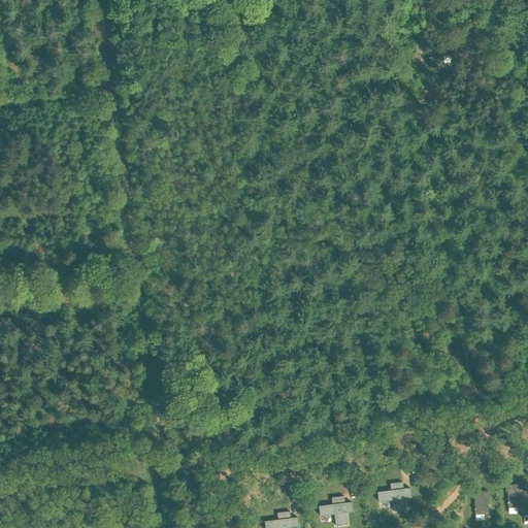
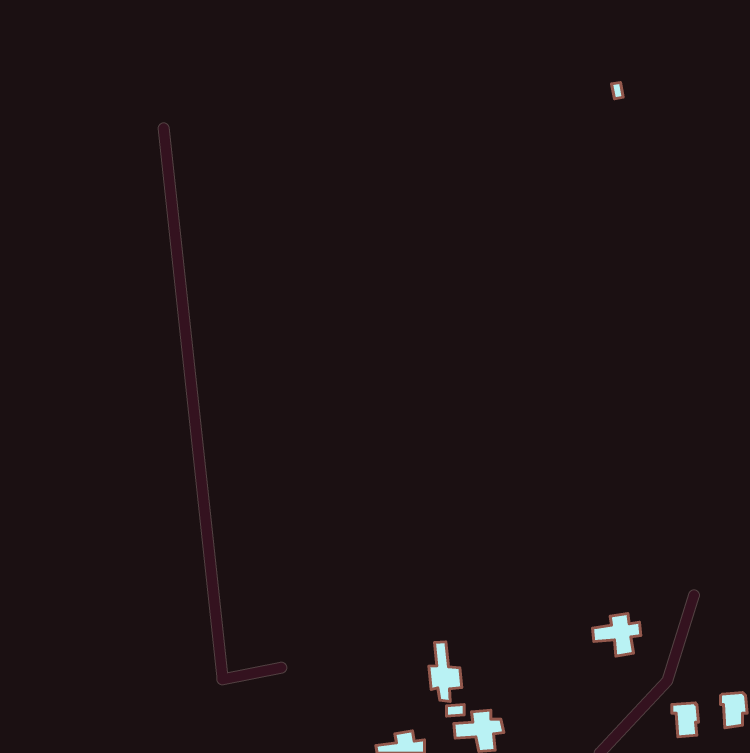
building: none -> [429,642,462,701]
building: [378,483,412,513] -> [592,613,641,656]

